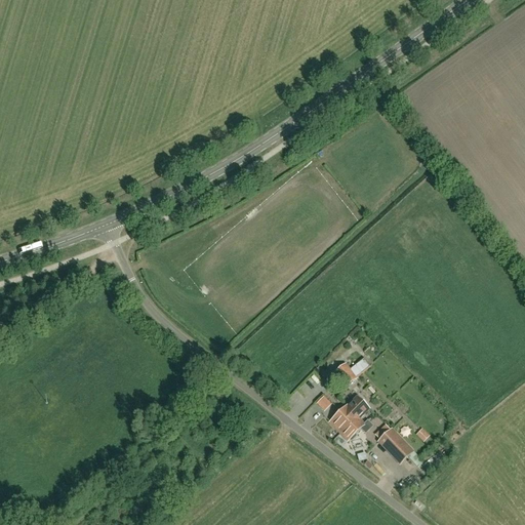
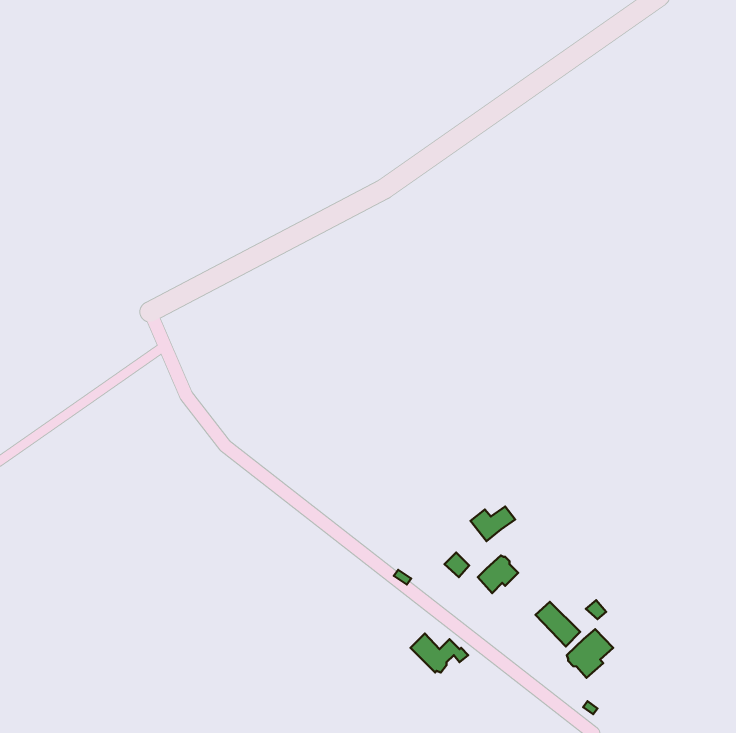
building: [329,410,370,438] -> [411,633,468,672]
building: none -> [567,629,613,678]

